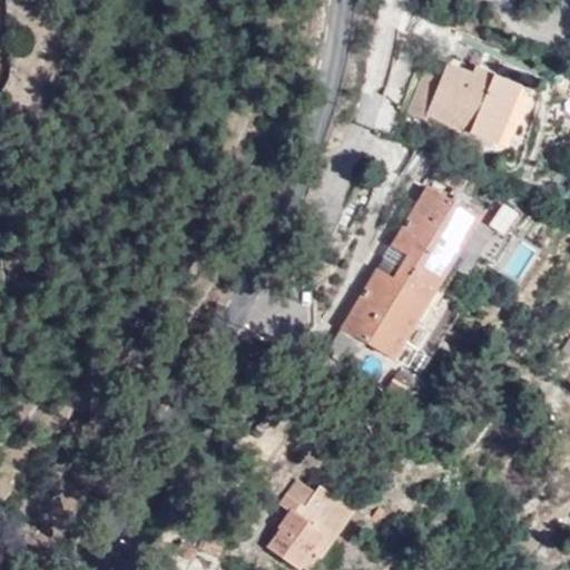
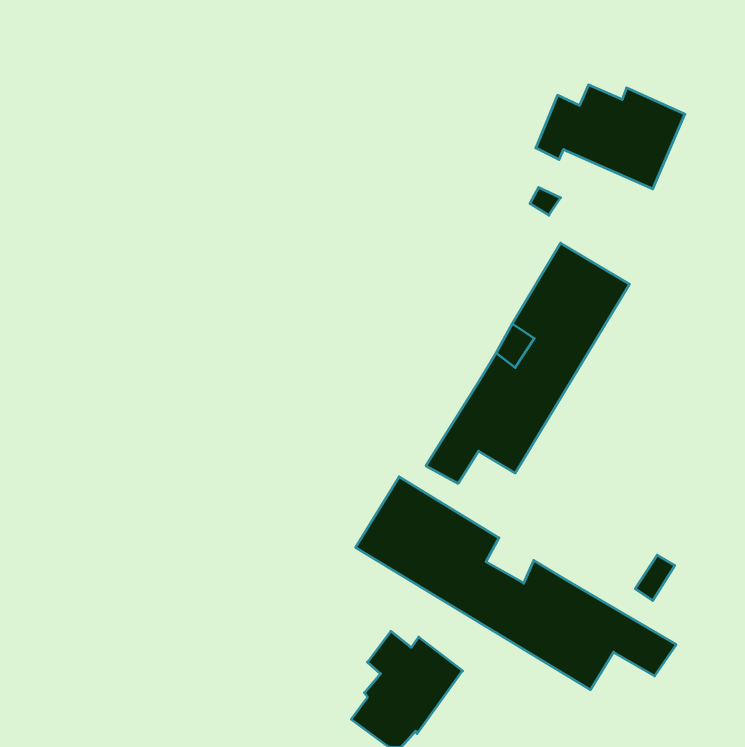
building: none -> [356,477,676,690]

